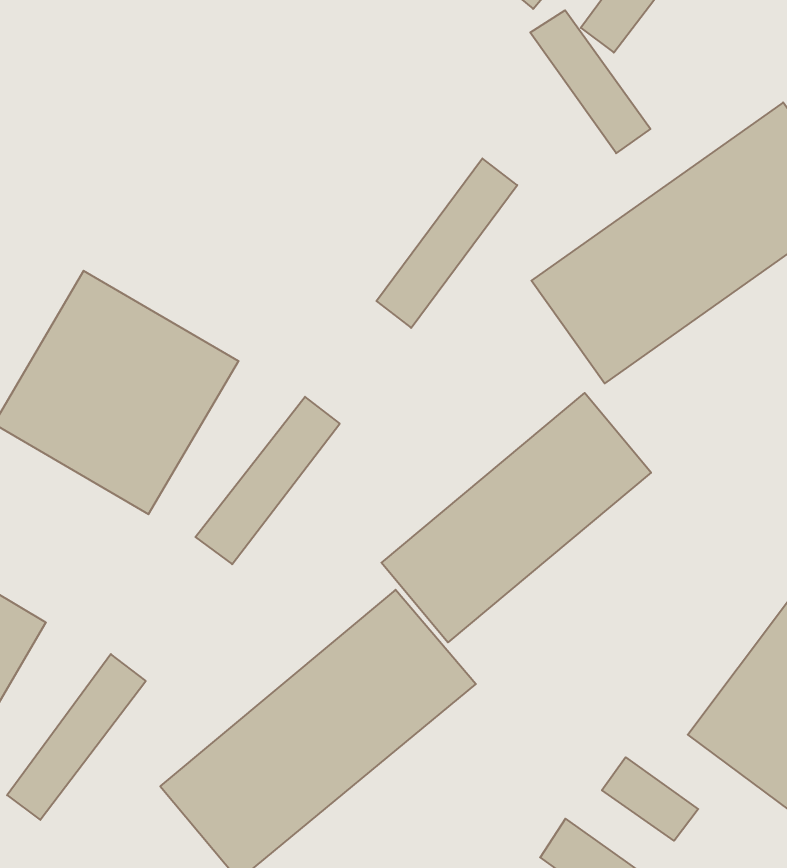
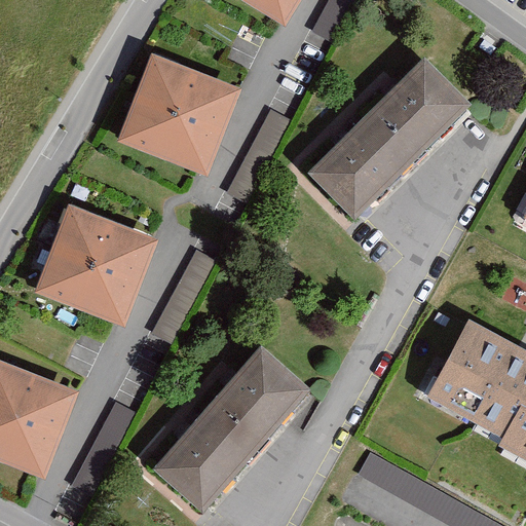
building: [530,10,650,153] -> none
building: none -> [117,53,241,175]
building: [381,393,651,642] -> none
building: [602,757,698,841] -> none

